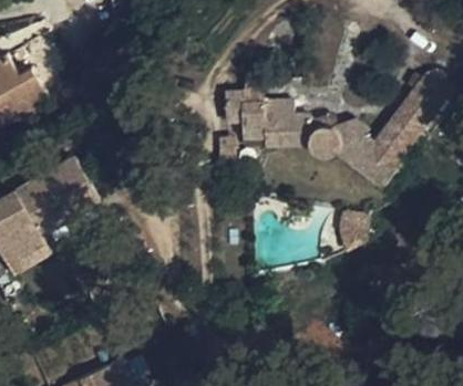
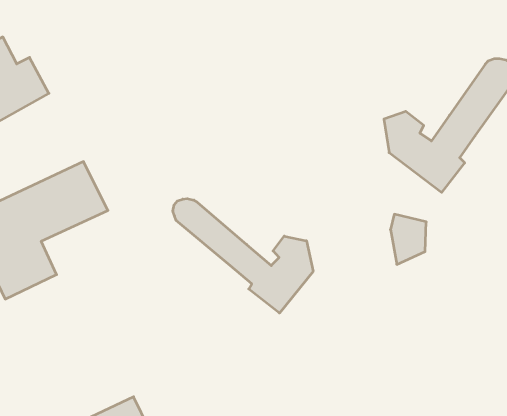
building: [226,67,339,155] -> none
building: none -> [173,199,313,313]

